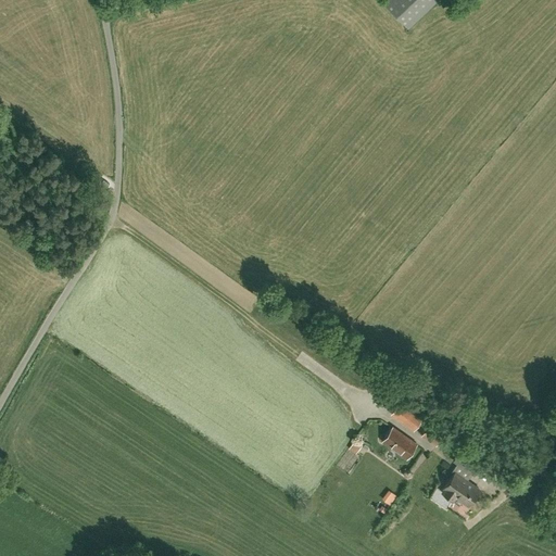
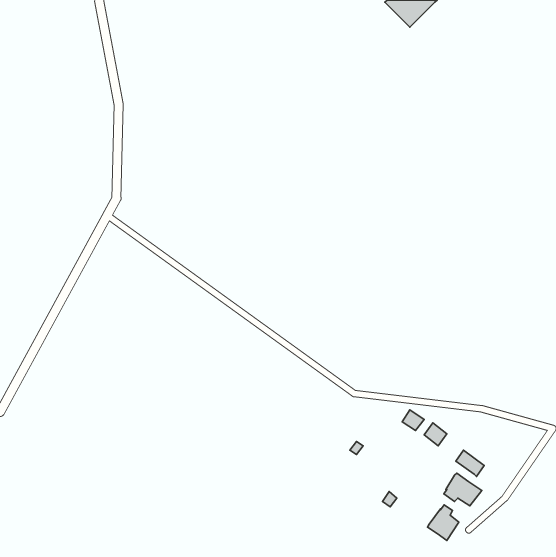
building: [383,427,418,457] -> none
building: none -> [427,505,459,541]

